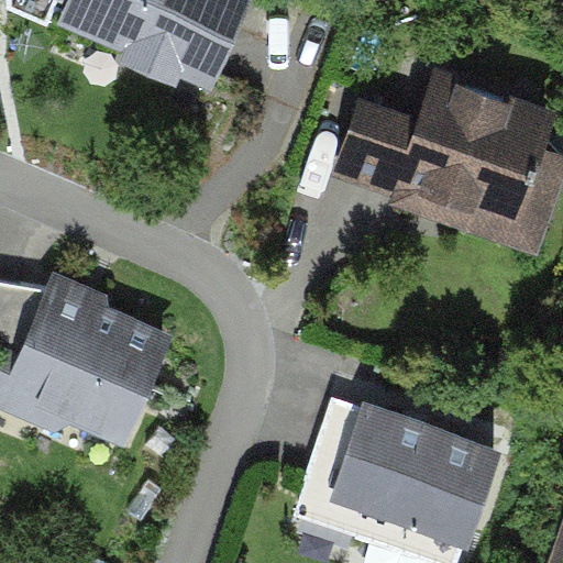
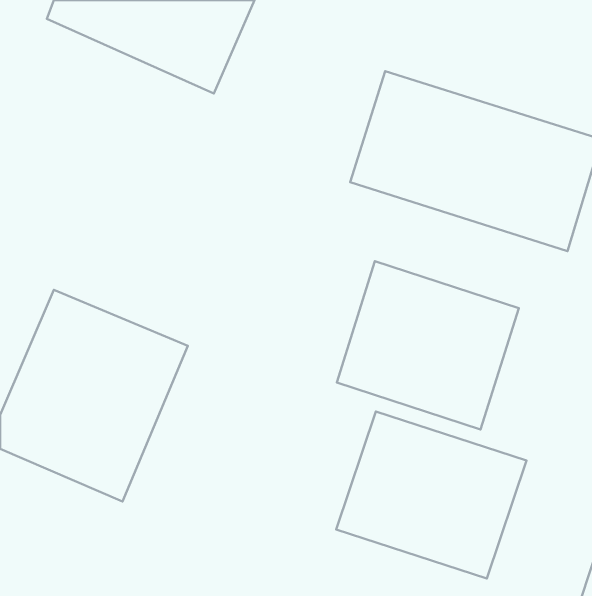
building: none -> [337,261,519,429]

